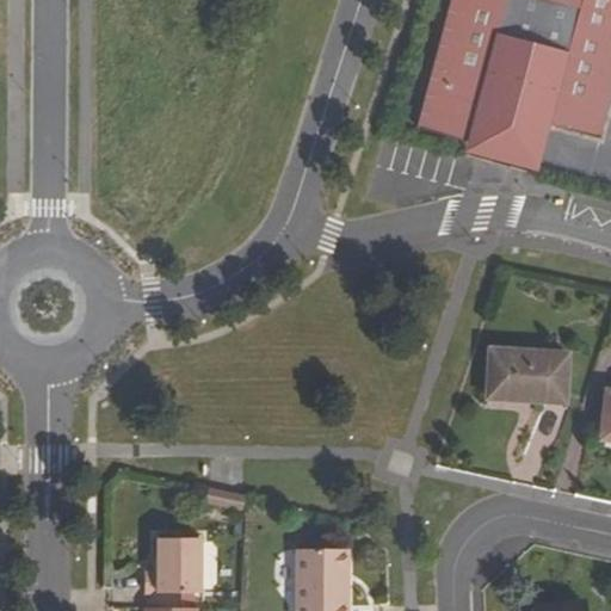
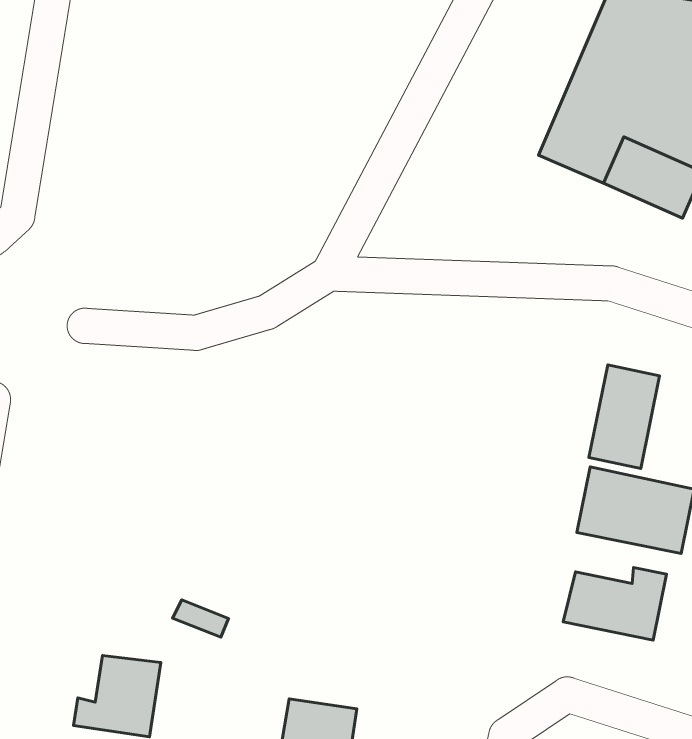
building: none -> [589,365,660,468]
building: none -> [563,568,667,640]

